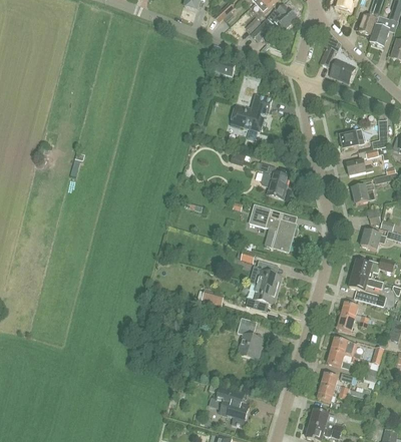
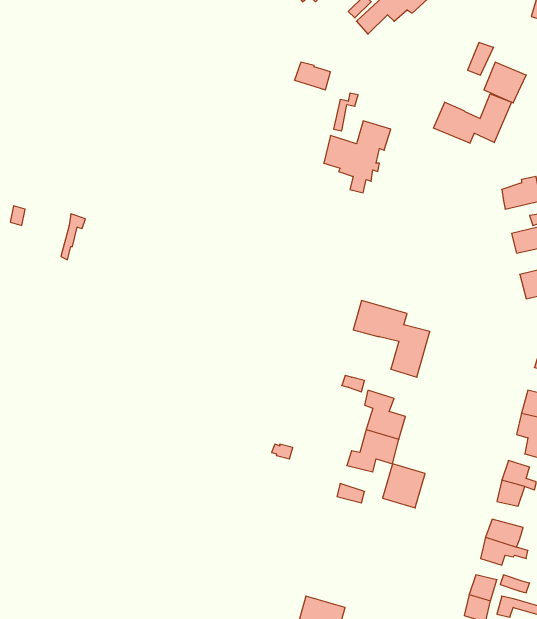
building: none -> [434,94,511,143]
building: [258,162,288,198] -> none
building: [237,334,263,361] -> [383,464,425,508]

